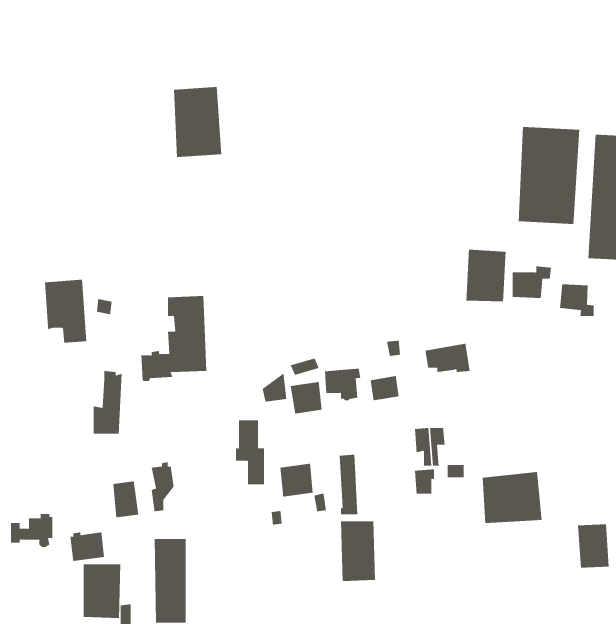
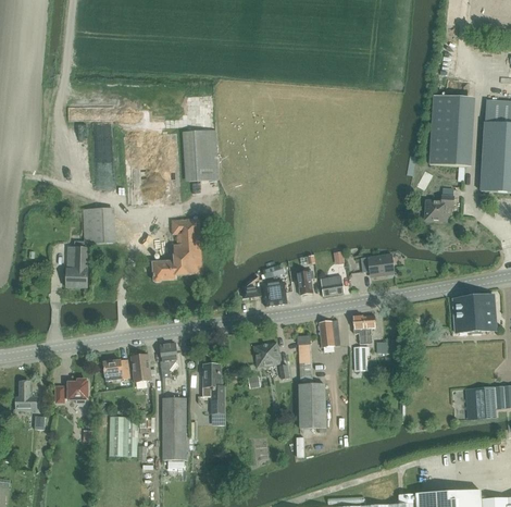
building: [173,86,222,158] -> [183,129,219,182]
building: [466,249,506,302] -> none
building: [560,284,594,317] -> none
building: [93,370,123,434] -> [66,240,88,287]
building: [235,420,265,485] -> [203,364,225,412]
building: none -> [319,320,340,347]
building: [482,472,542,523] -> [452,295,497,333]
building: [69,532,105,561] -> [103,358,129,380]

